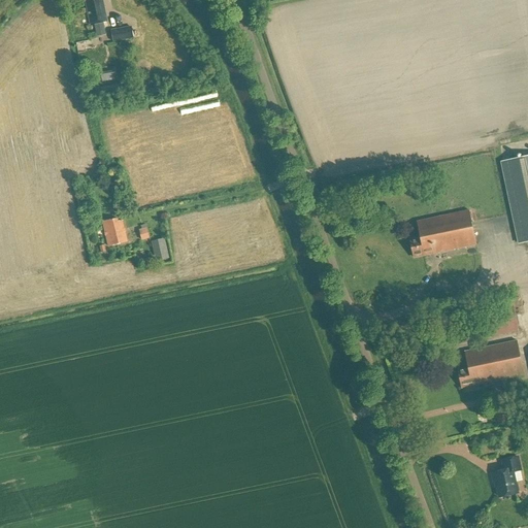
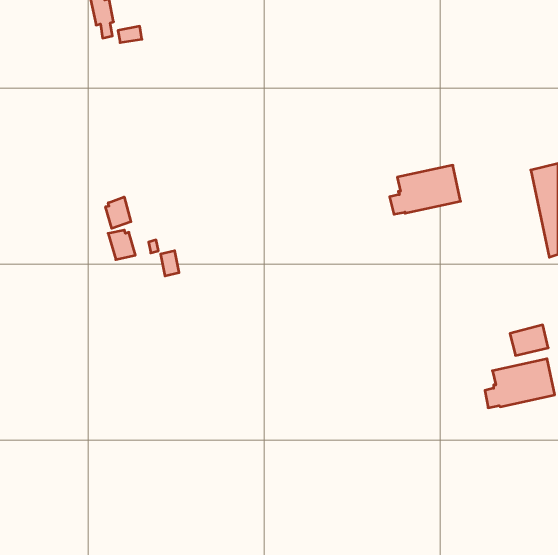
building: none -> [106,197,131,228]
building: [409,209,476,256] -> [390,165,461,214]
building: [492,456,521,496] -> none

